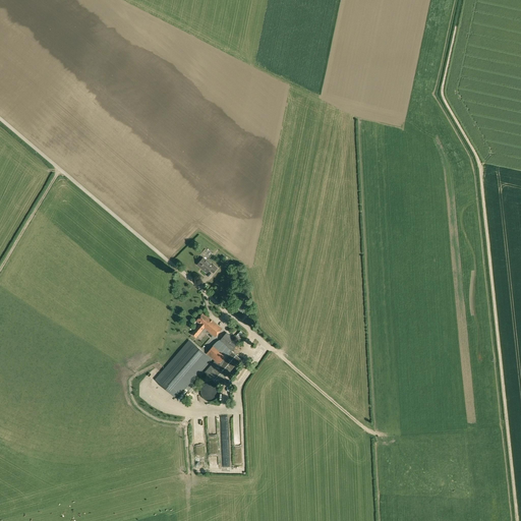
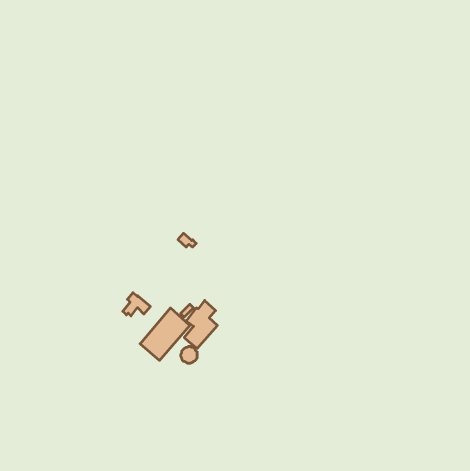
building: [190,313,221,339] -> [123,293,150,316]

